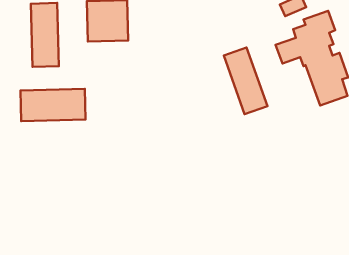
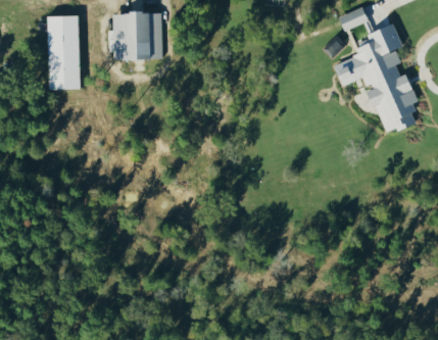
building: [224,47,268,114] -> none
building: [20,89,85,121] -> none

